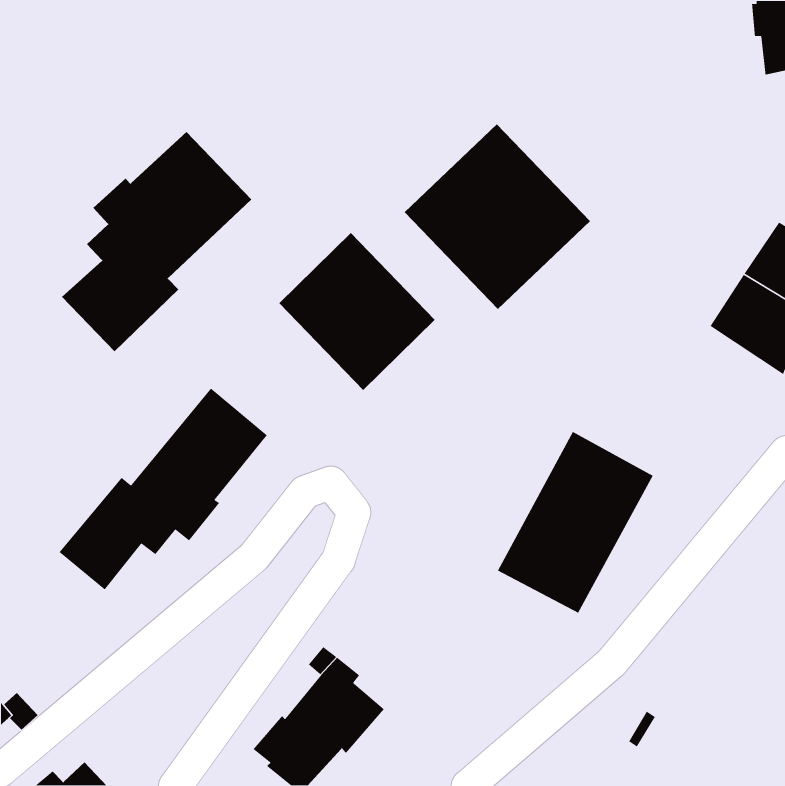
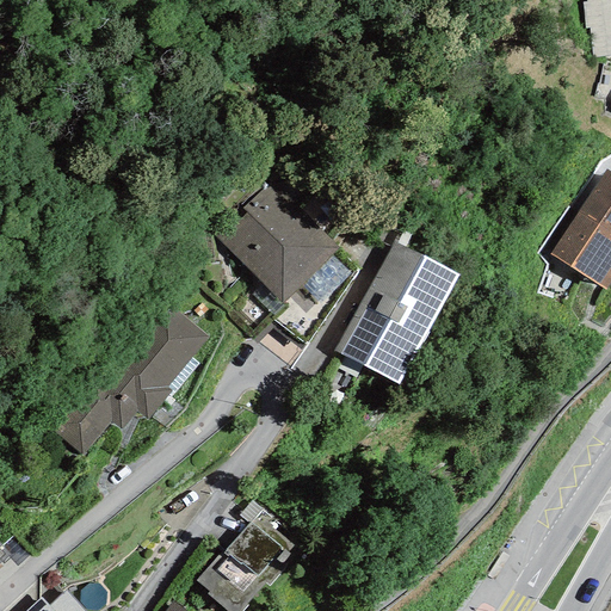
building: [404,124,591,310] -> none
building: [61,131,252,352] -> none
building: [497,431,654,614] -> [337,242,458,384]

